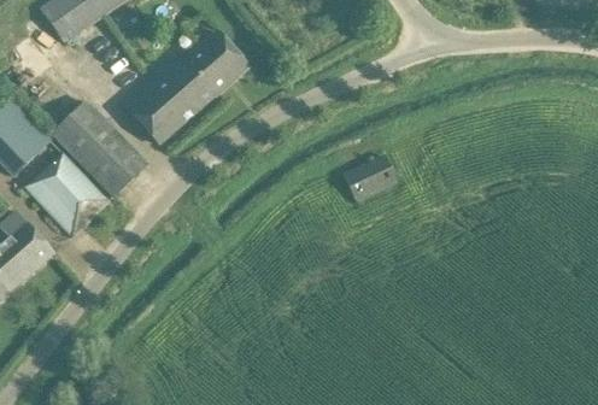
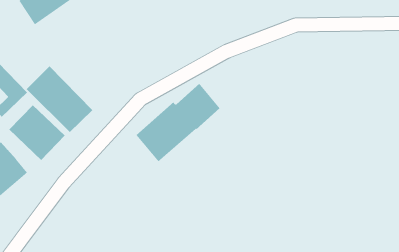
building: [124,31,246,145] -> [136,83,220,162]
building: [342,155,394,201] -> none

